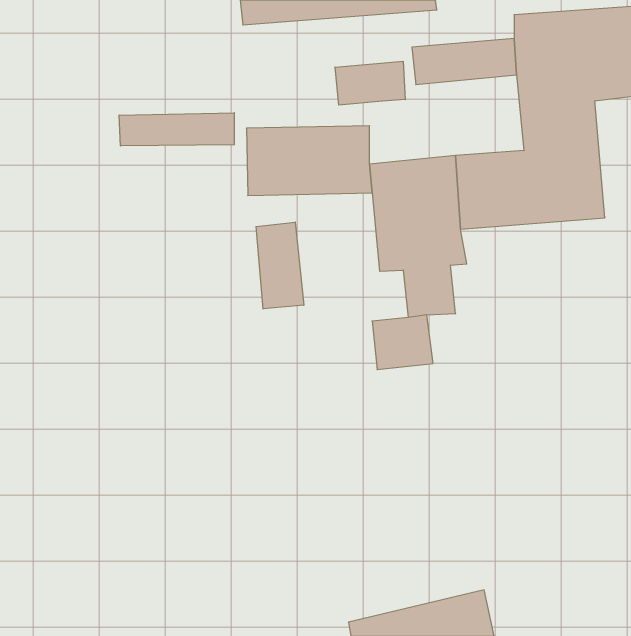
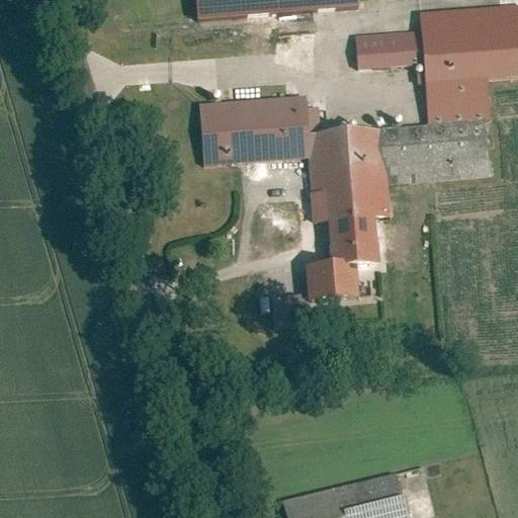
building: [335,61,405,105] -> none
building: [119,113,234,146] -> none
building: [256,222,304,309] -> none

